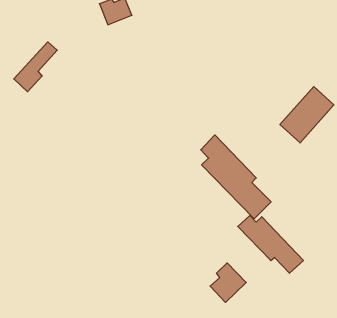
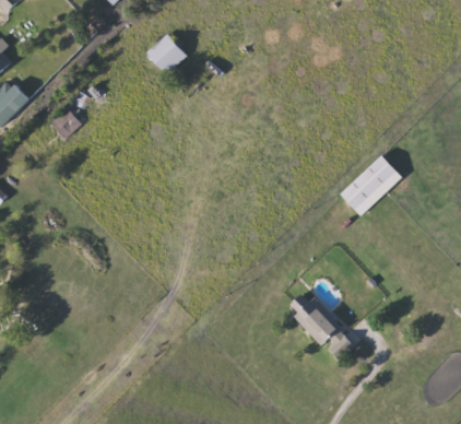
building: [201,135,271,219] -> none
building: [210,263,246,302] -> none

